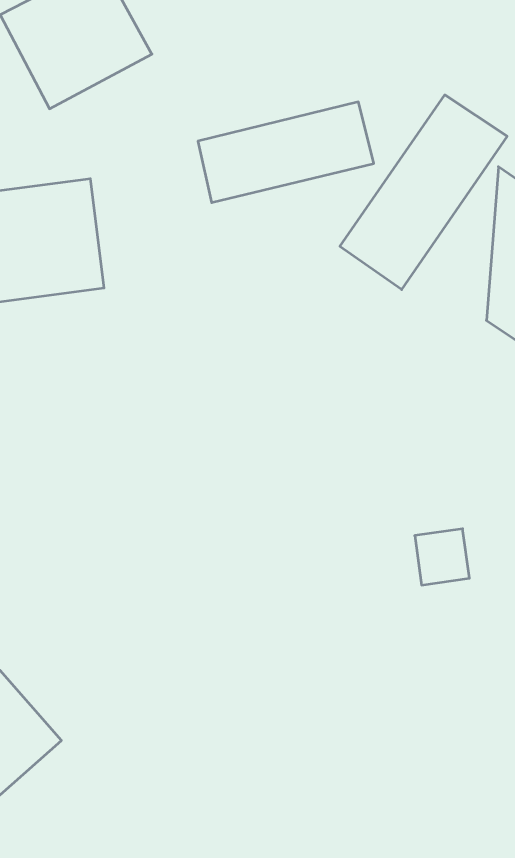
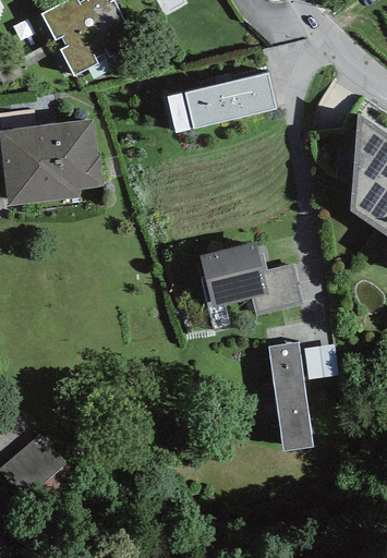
building: [340,95,507,290] -> none
building: none -> [201,242,305,316]
building: none -> [268,341,314,451]

